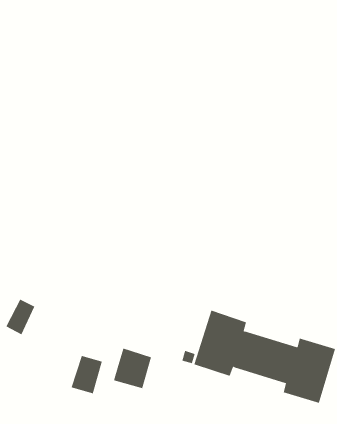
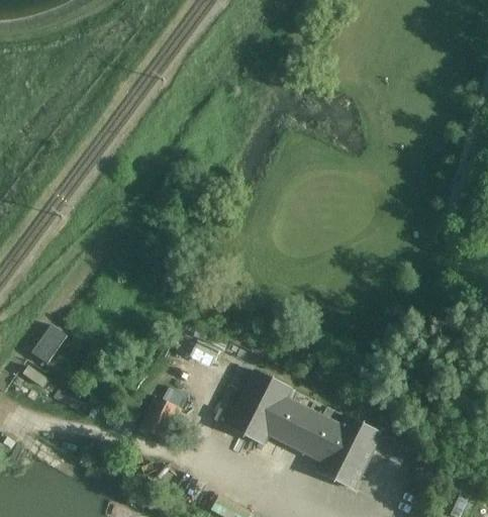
building: [71,355,102,394] -> none

